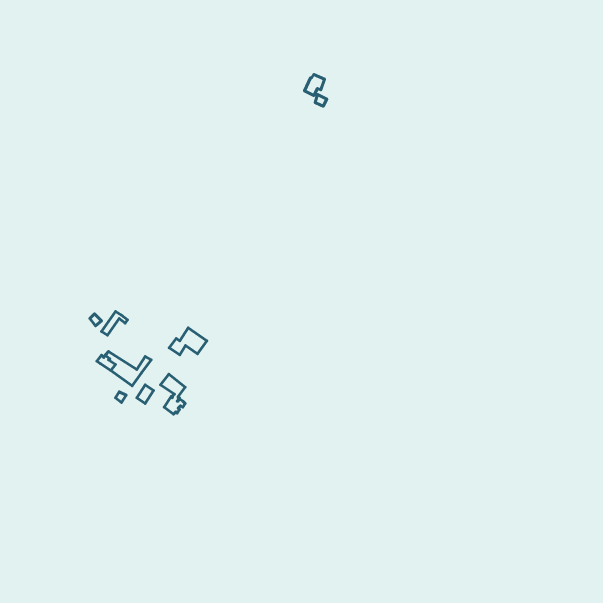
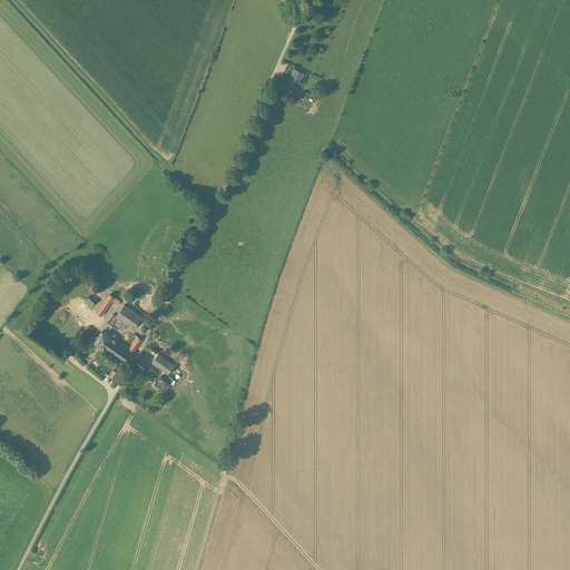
building: [169,328,207,355] -> [107,304,142,330]

